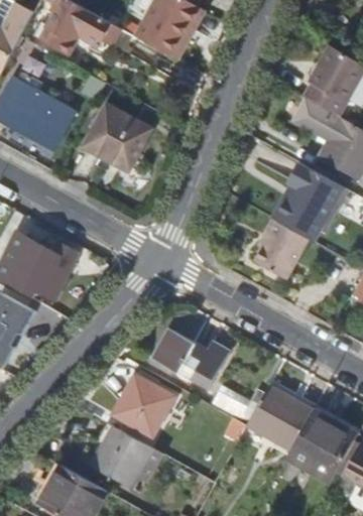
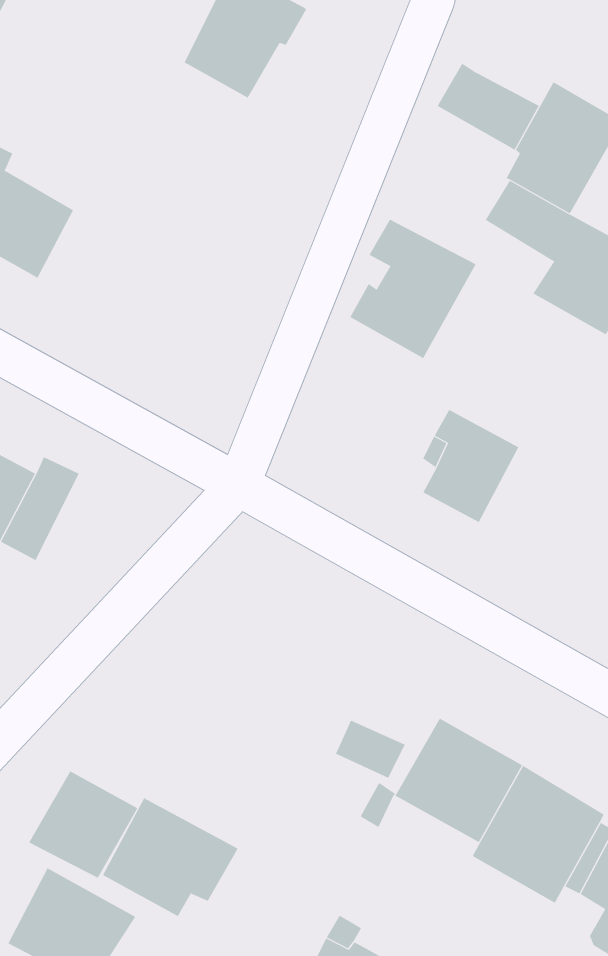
building: [43,6,116,54] -> none
building: none -> [437,63,540,150]
building: [85,102,148,165] -> none
building: [276,162,344,237] -> [350,219,476,359]
building: [153,327,228,387] -> none
building: [113,375,171,432] -> [28,770,138,878]

